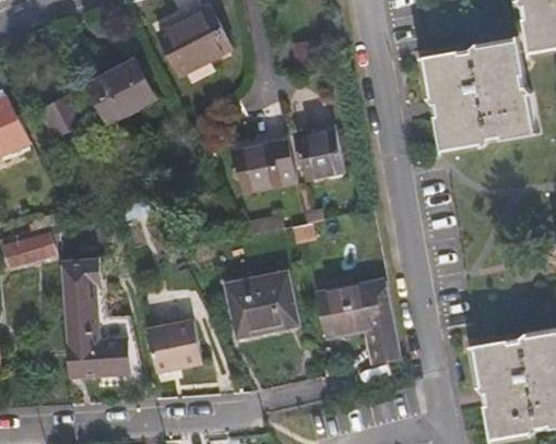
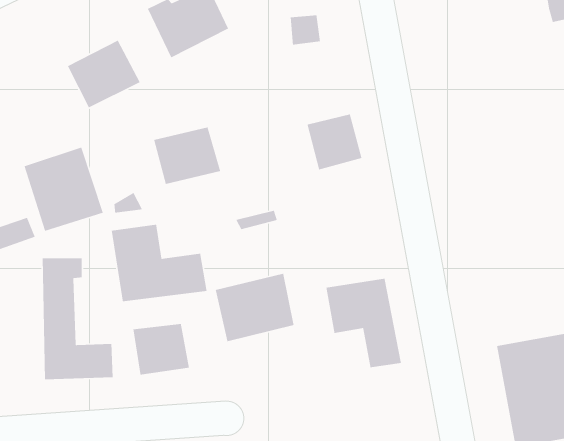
building: [426,35,539,146] -> none
building: [39,94,84,139] -> none
building: [240,144,303,197] -> [153,126,221,185]
building: none -> [23,147,104,232]
building: none -> [111,224,207,302]

